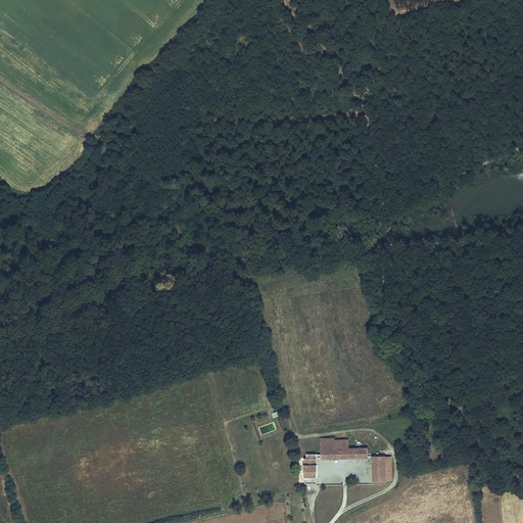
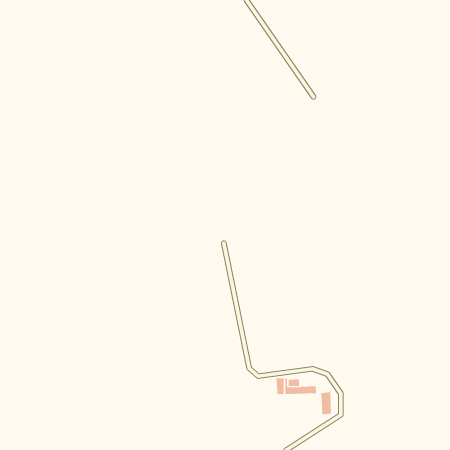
building: [303,454,319,483] -> none

